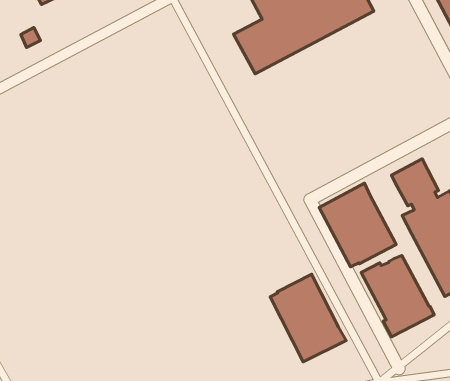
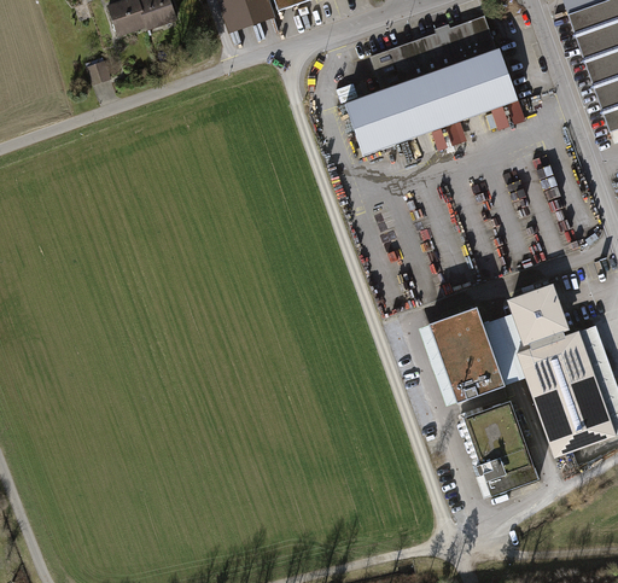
building: none -> [483,311,534,383]
building: [270,274,346,362] -> none

